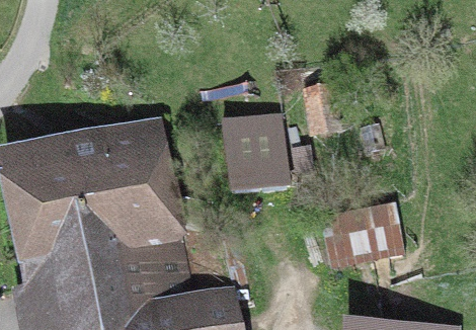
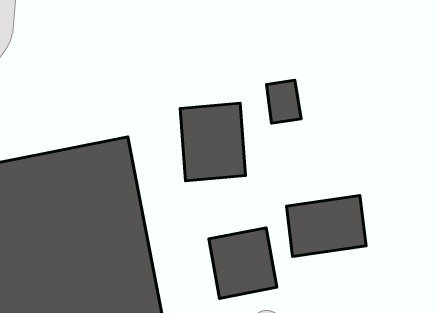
building: none -> [209,228,277,298]

